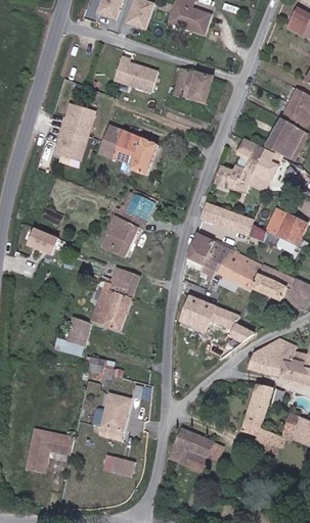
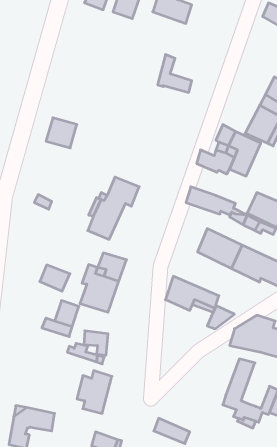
building: [114,55,158,92] -> none
building: [186,67,214,91] -> none
building: [62,104,95,137] -> none
building: [98,125,159,176] -> none
building: [28,230,59,257] -> [40,265,70,291]
building: [187,232,225,282] -> none
building: [174,427,222,462] -> none

